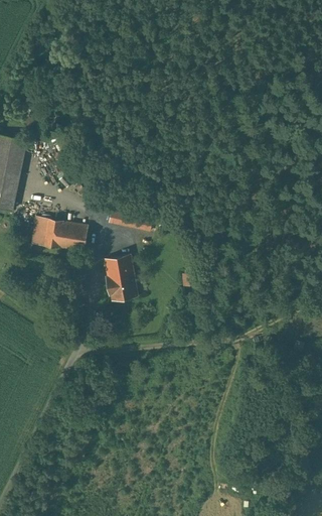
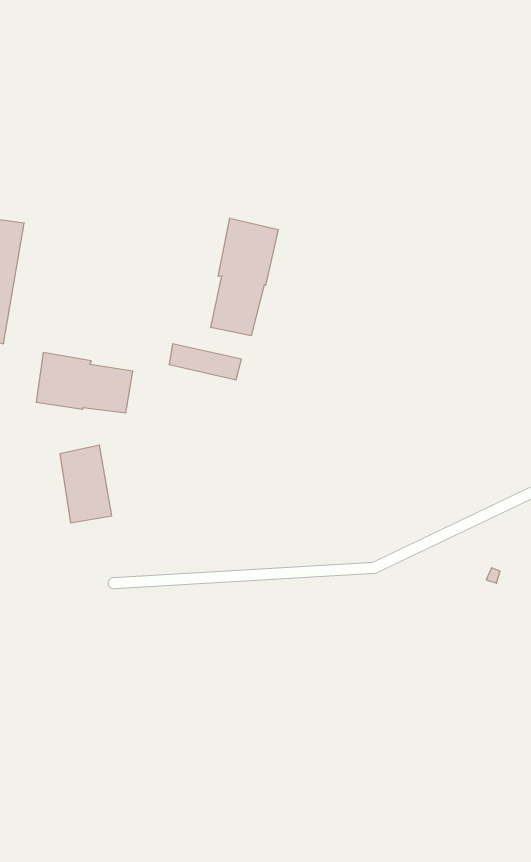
building: none -> [211,218,278,336]
building: [107,255,137,300] -> [60,445,112,523]

